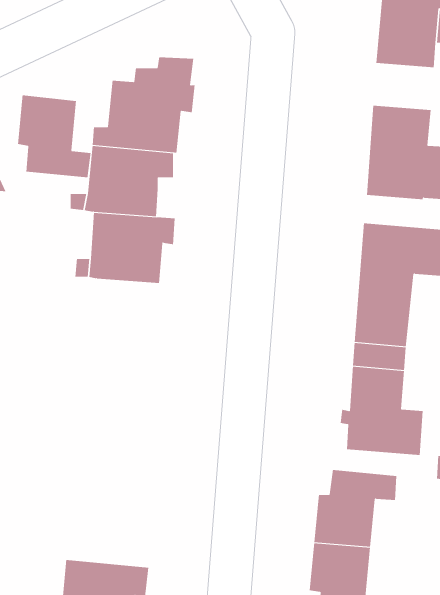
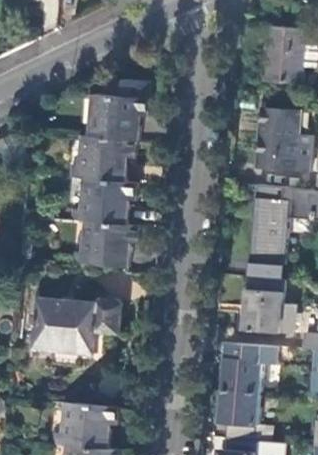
building: [18,95,91,178] -> none
building: none -> [70,221,136,267]
building: none -> [33,295,124,351]

